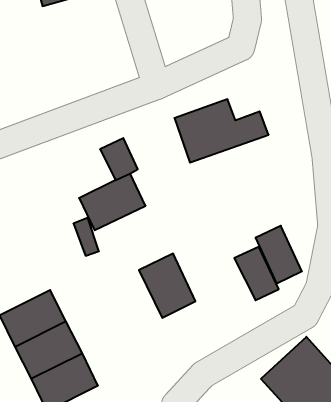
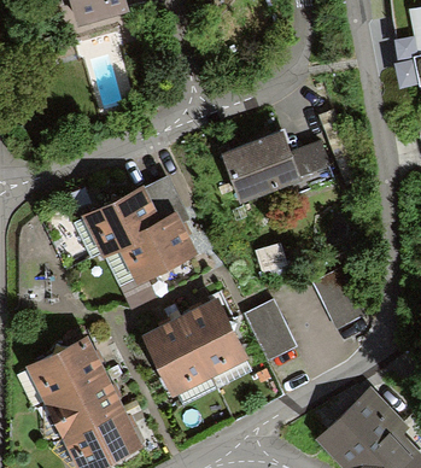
building: none -> [87,187,159,248]
building: [234,247,279,300] -> [246,300,294,358]
building: none -> [147,318,210,388]

